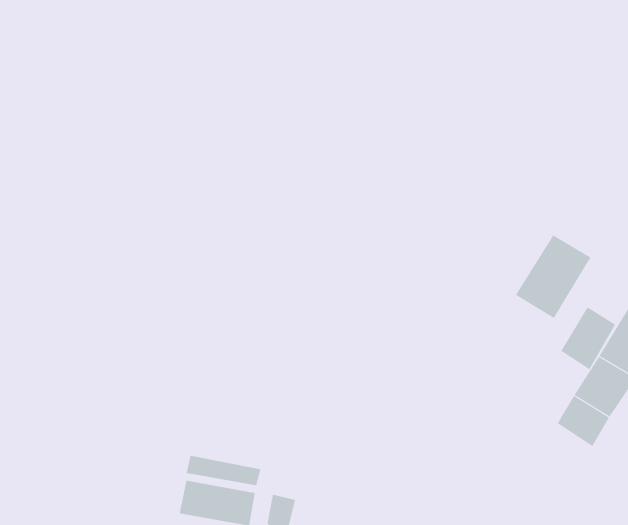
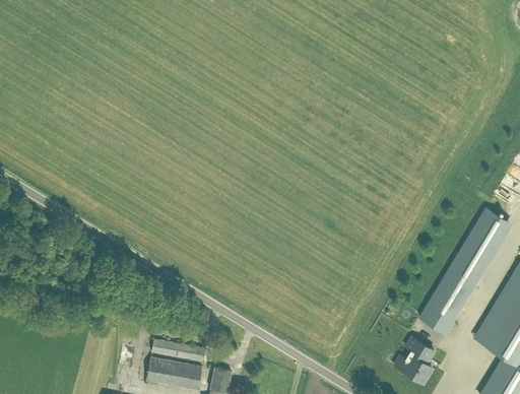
building: [515,235,591,319] -> none
building: [561,306,616,370] -> none
building: none -> [399,338,434,380]

